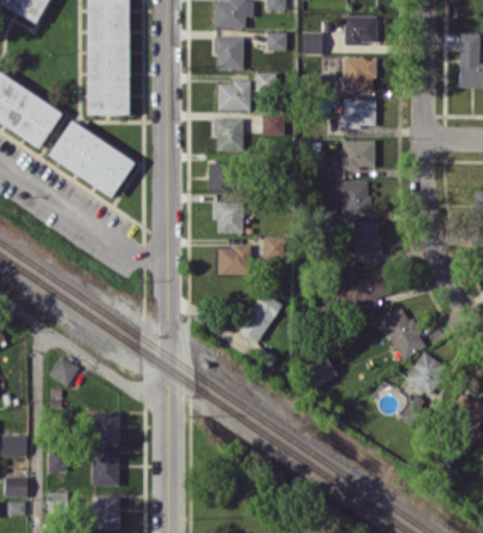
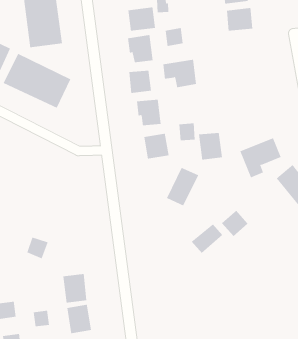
building: [342,140,375,169] -> none
building: [328,181,369,215] -> [162,59,197,88]
building: [352,222,380,256] -> [198,133,223,160]
building: none -> [191,223,223,254]

